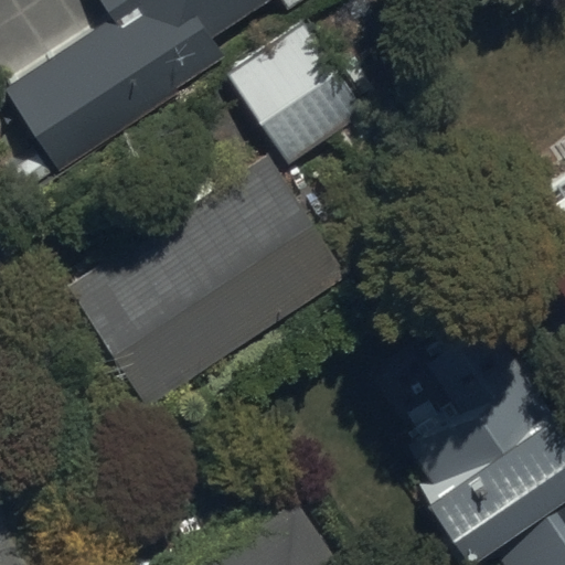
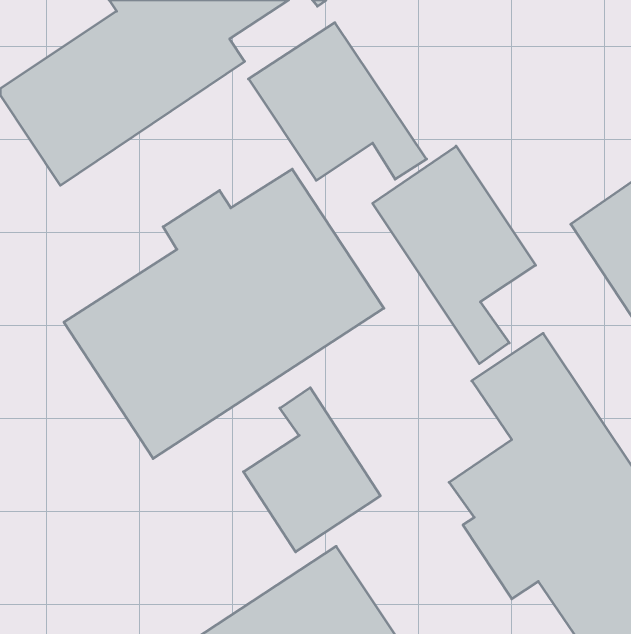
building: none -> [373,146,536,364]
building: none -> [243,388,380,552]

